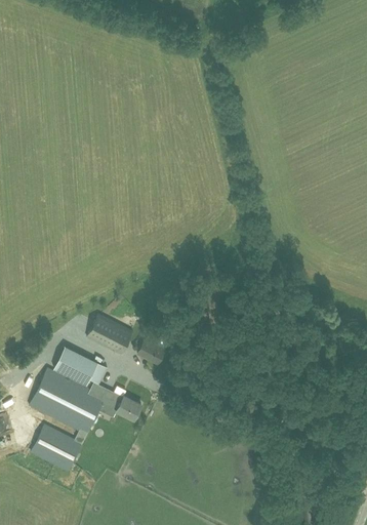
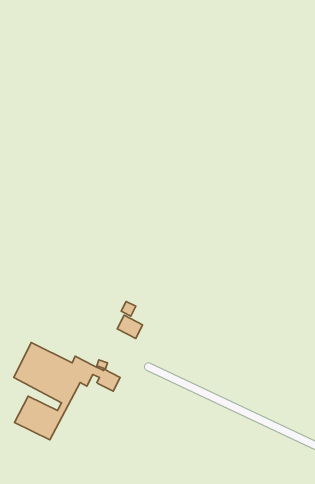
building: [87,313,133,355] -> none
building: [53,346,108,386] -> none

